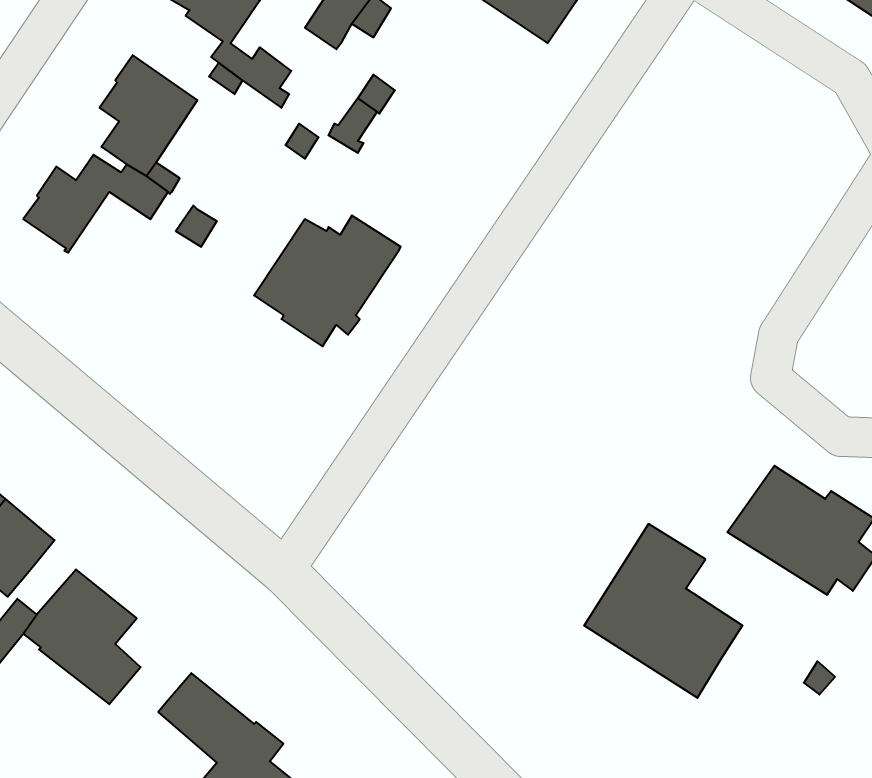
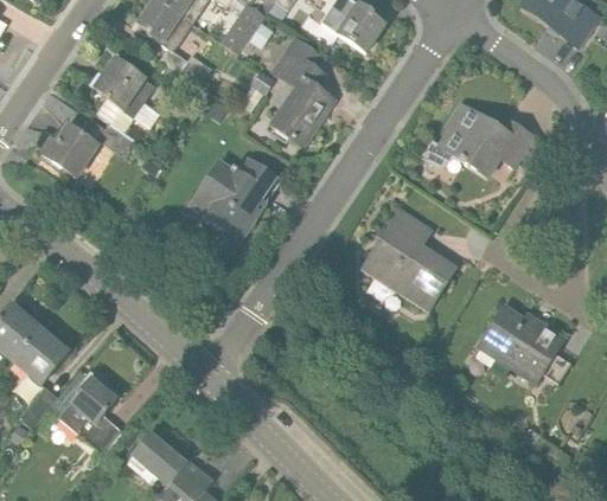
building: none -> [271,36,336,144]
building: none -> [422,103,535,169]
building: [584,524,743,698] -> [360,206,456,311]

